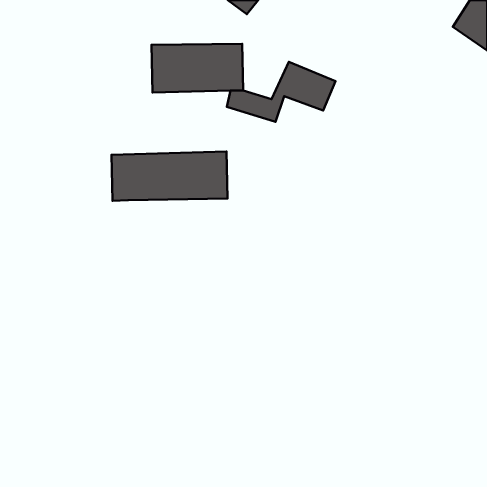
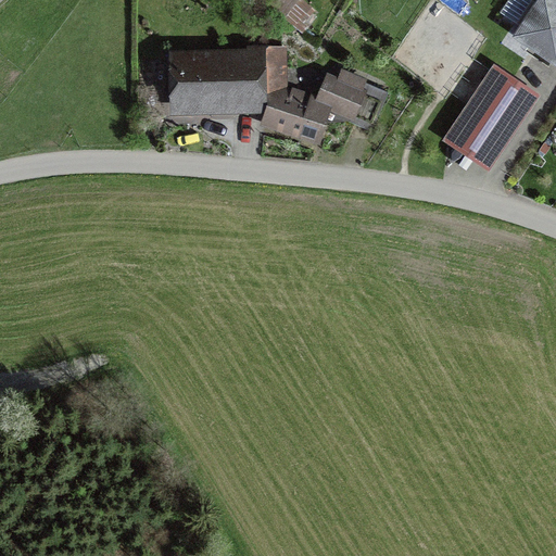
building: none -> [445,66,528,161]
building: [112,152,227,201] -> none

